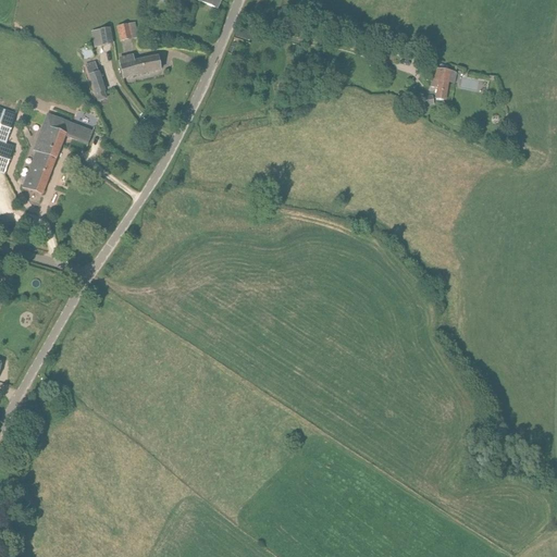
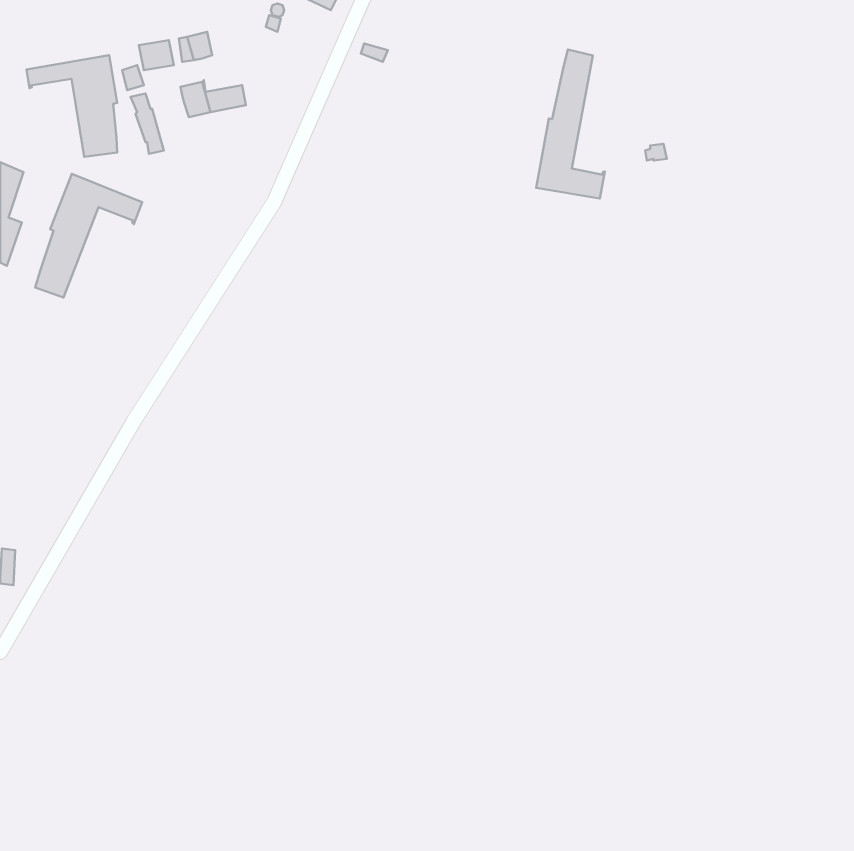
building: none -> [536,50,605,199]
building: none -> [27,55,117,157]
building: [430,66,456,99] -> none

